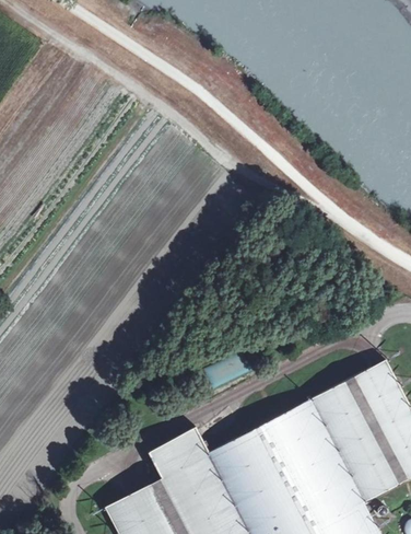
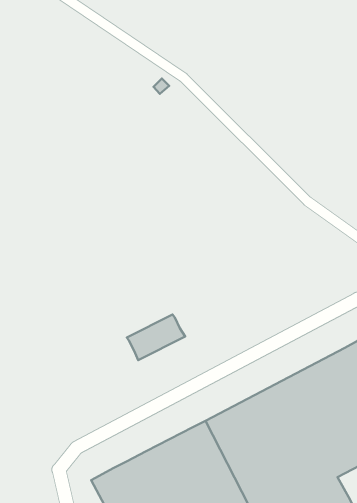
building: [148,429,209,477] -> [127,314,185,360]

